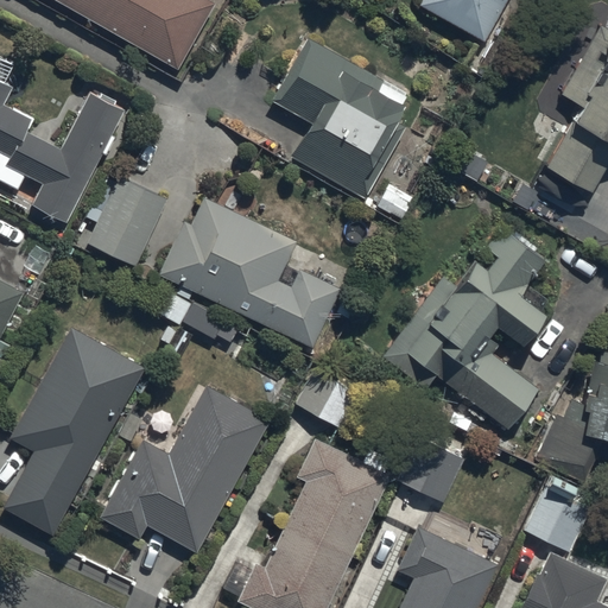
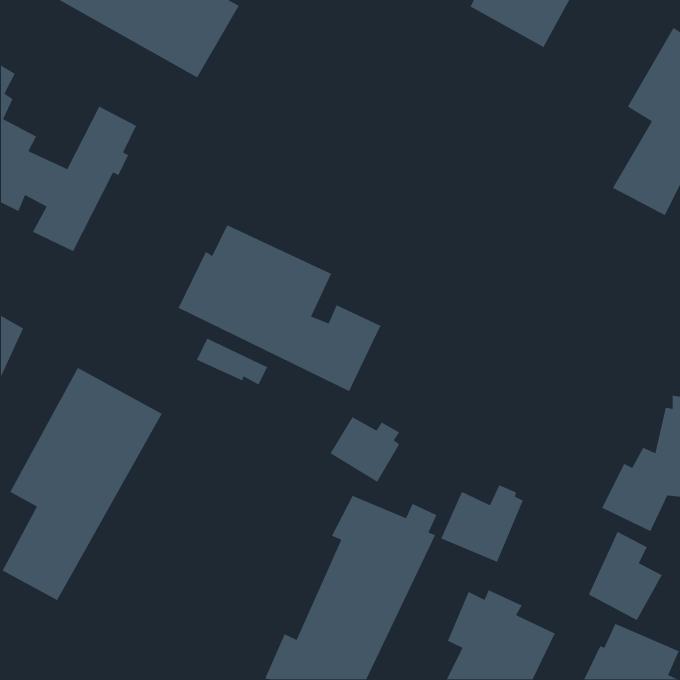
building: [274,39,406,200] -> none
building: [84,178,166,267] -> none
building: [380,224,550,431] -> none
building: [102,385,270,555] -> none

